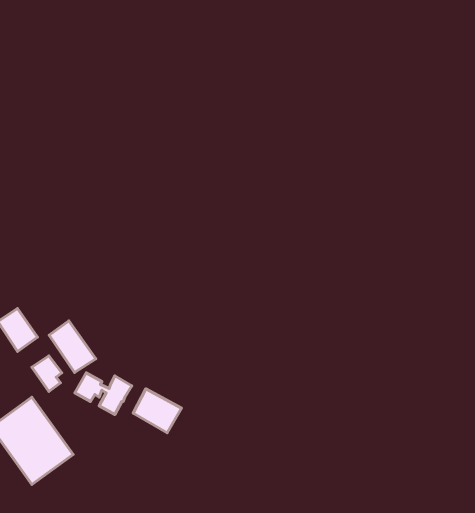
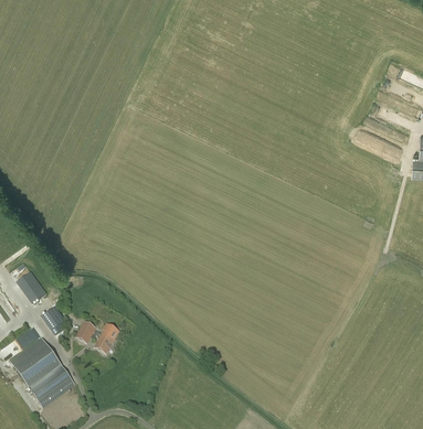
building: [49,321,96,372] -> none
building: [133,389,182,433] -> none

